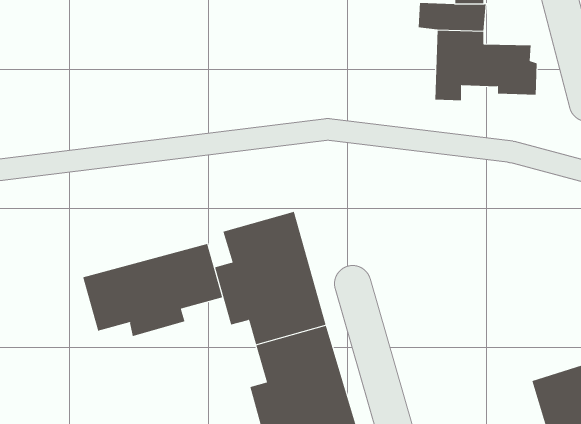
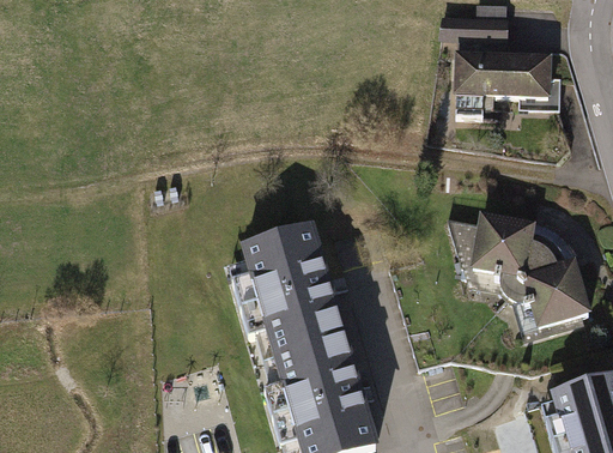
building: none -> [463,212,585,330]
building: [83,243,223,337] -> none

